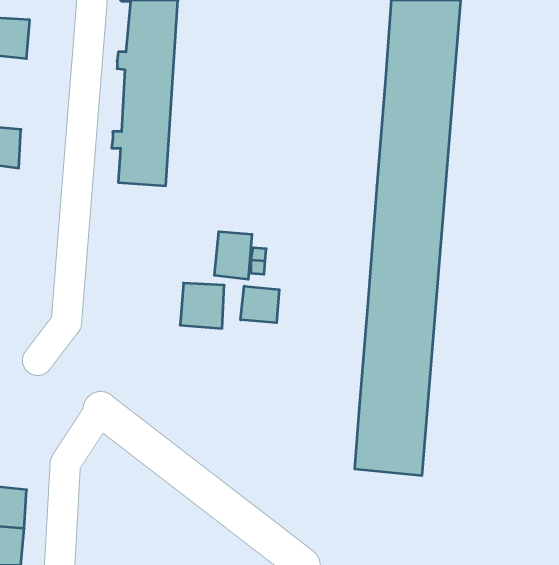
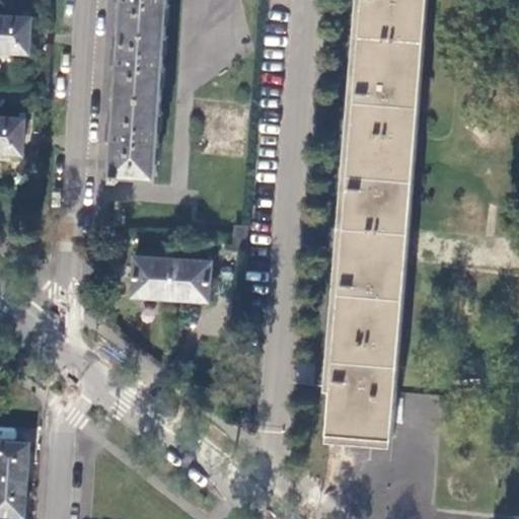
building: [214,232,252,279] -> none
building: none -> [128,256,168,298]
building: [241,286,279,323] -> none

